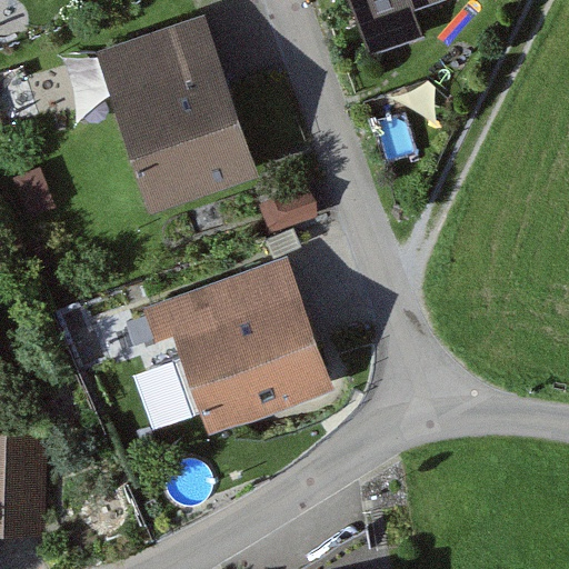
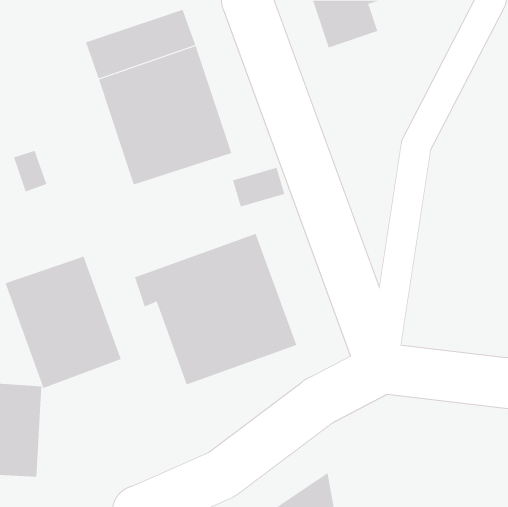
building: none -> [5,256,121,389]

